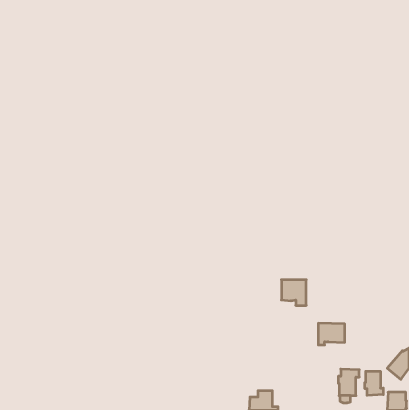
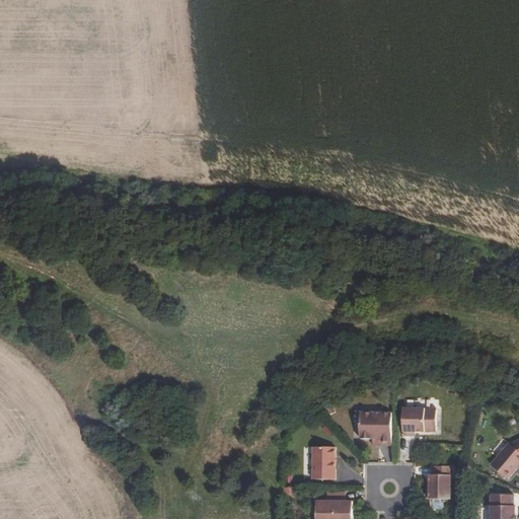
building: [281,280,306,305] -> [359,413,390,445]
building: none -> [311,447,333,479]
building: [365,371,383,395] -> none

